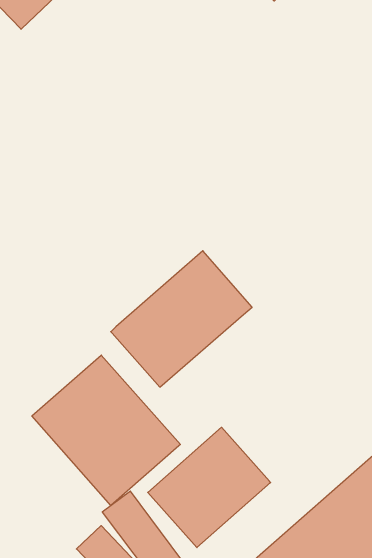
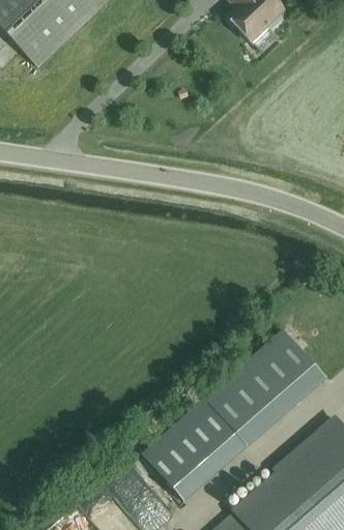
building: [111,251,252,387] -> [205,330,324,445]
building: [32,355,180,506] -> none

